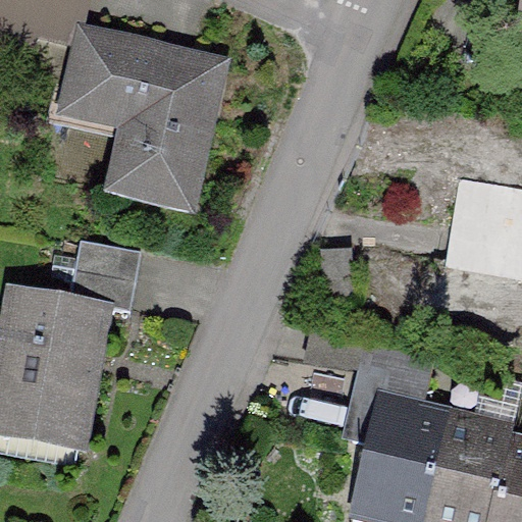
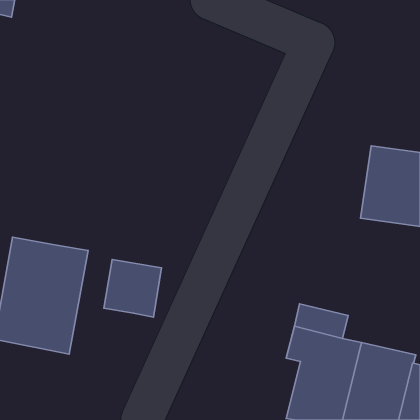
building: [67,36,224,207] -> none
building: [72,244,144,315] -> [104,259,162,317]

